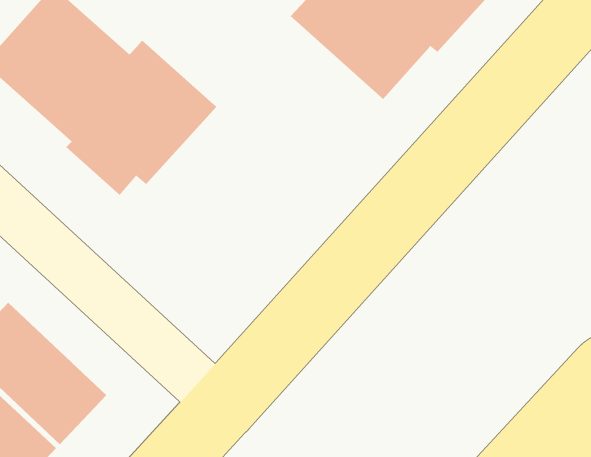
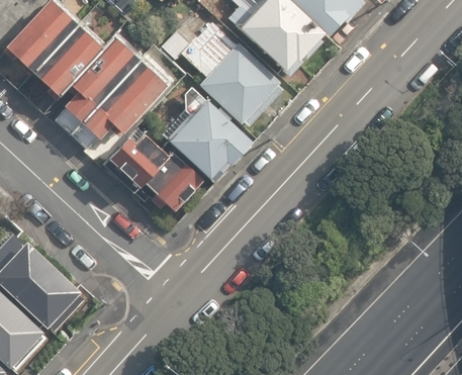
building: none -> [175,18,281,125]
building: none -> [98,94,256,215]

